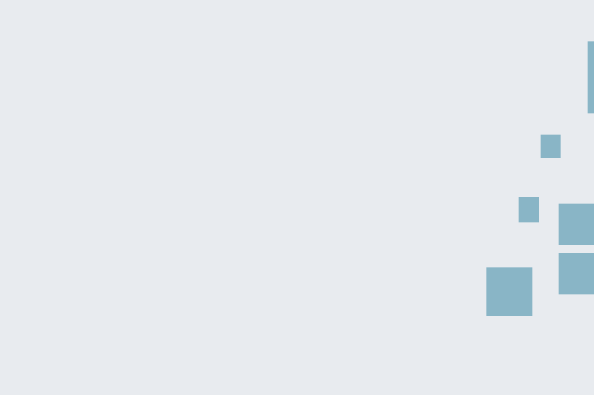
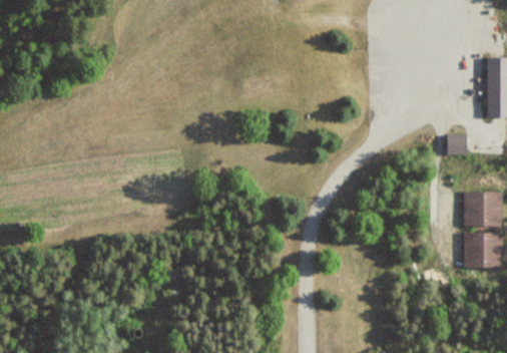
building: [518,196,539,223] -> none
building: [486,266,533,317] -> none

